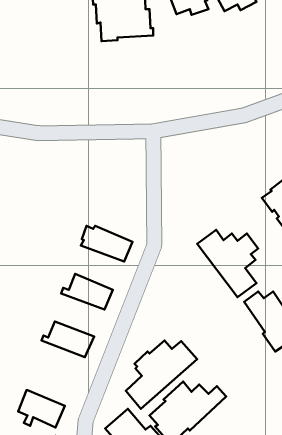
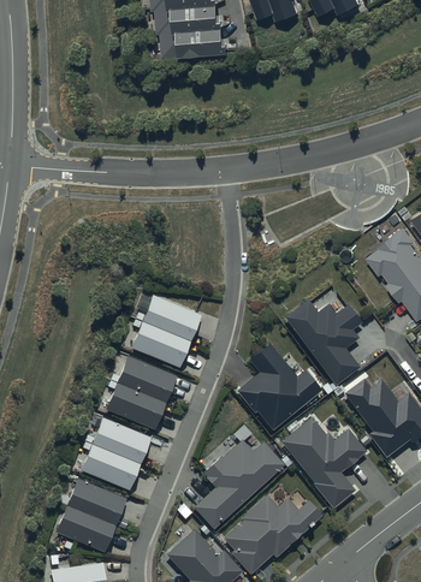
building: none -> [130,320,190,368]
building: none -> [237,342,322,429]
building: none -> [105,381,165,430]
building: none -> [281,417,367,509]
building: none -> [81,441,140,491]
building: none -> [58,479,125,525]

